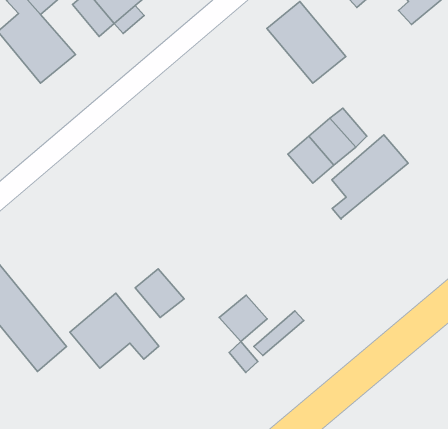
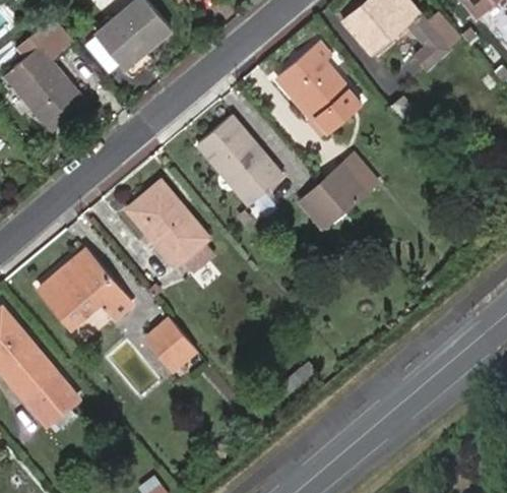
building: none -> [197,115,281,204]
building: none -> [127,180,209,265]
building: [332,135,408,219] -> none
building: [70,293,159,368] -> [40,249,130,325]
building: [219,295,267,342] -> none

